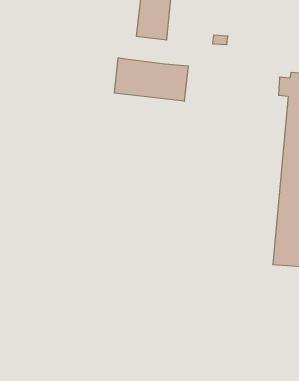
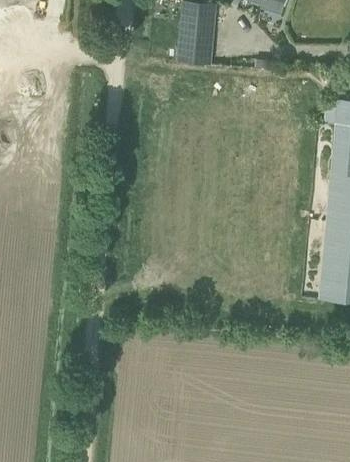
building: [115,58,188,101] -> none

